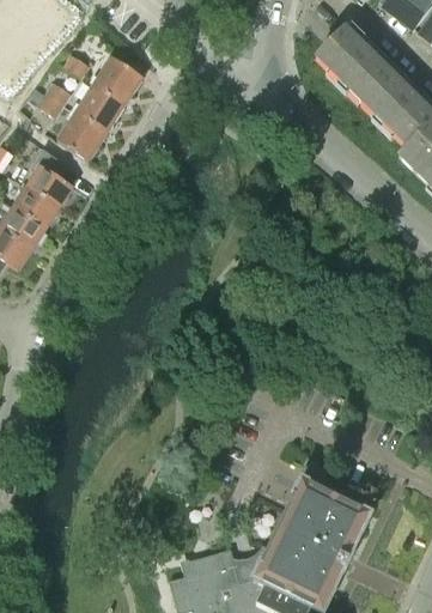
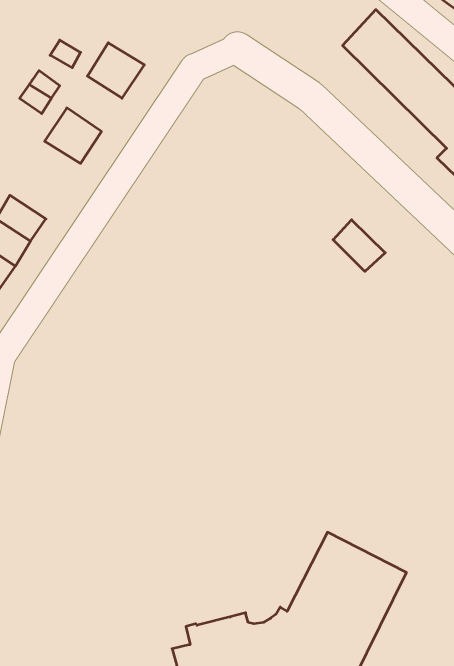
building: [78,85,126,133] -> none
building: [29,150,74,208] -> none
building: none -> [333,220,385,271]

